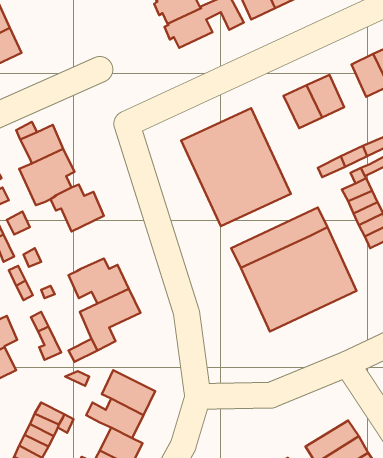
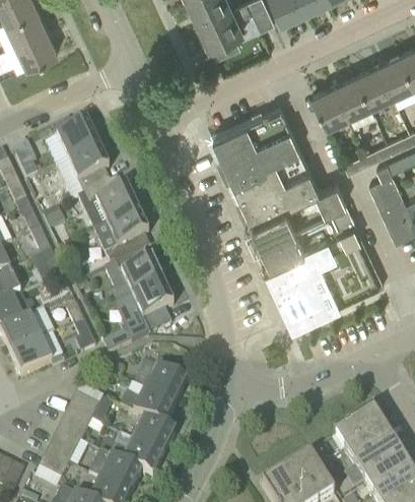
building: none -> [357,66,393,108]
building: none -> [252,184,346,245]
building: none -> [95,213,149,267]

